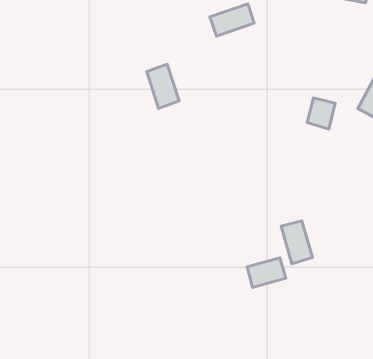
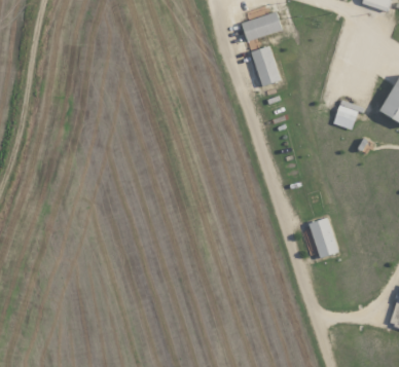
building: [147,64,179,108] -> [249,45,280,87]
building: [247,258,286,288] -> none

